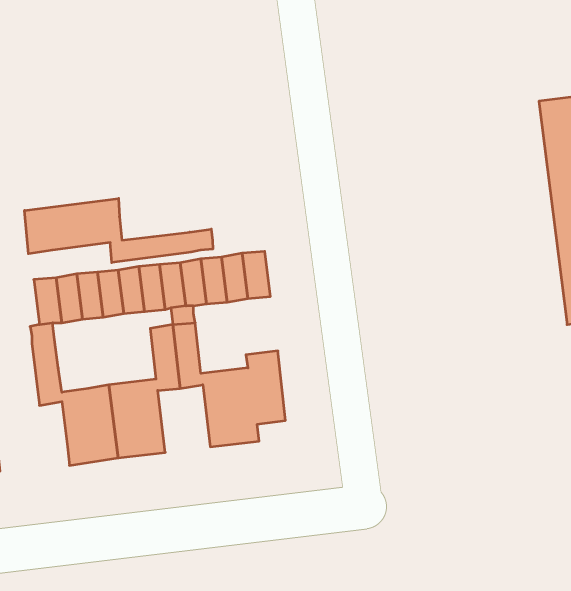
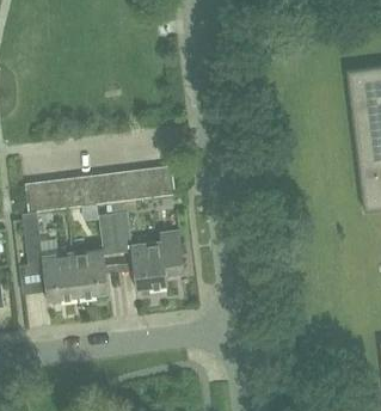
building: [25,198,213,263] -> none

